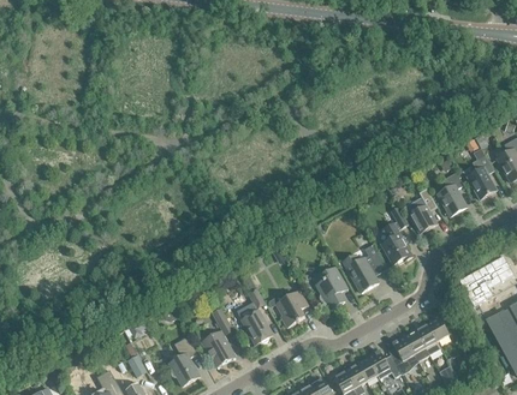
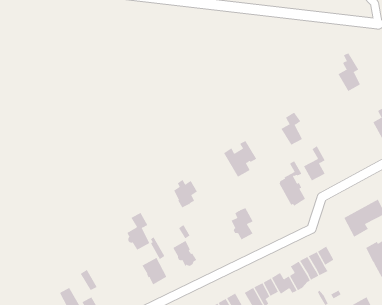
building: [467,149,497,199] -> [338,52,361,92]
building: [438,173,467,216] -> [280,112,303,146]
building: [344,245,387,293] -> [223,140,257,178]
building: [277,289,308,327] -> [173,179,198,208]
building: [170,337,200,387] -> [127,212,150,251]

